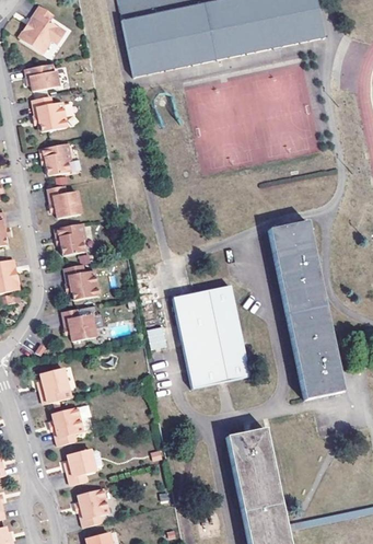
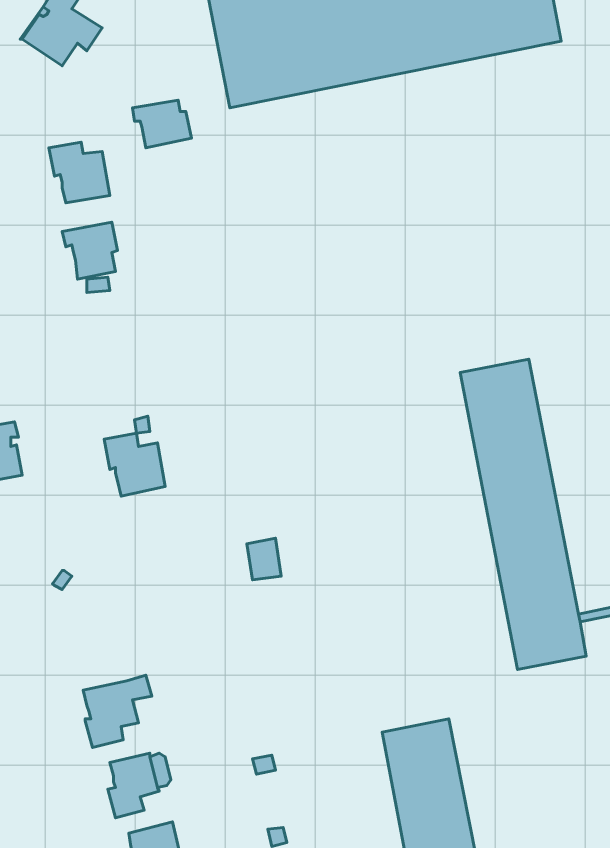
building: [27,63,61,91] -> [132,100,191,148]
building: [50,185,82,218] -> none
building: [57,222,88,255] -> none
building: [172,285,246,387] -> none
building: [66,308,97,339] -> none
building: [42,367,72,403] -> none

